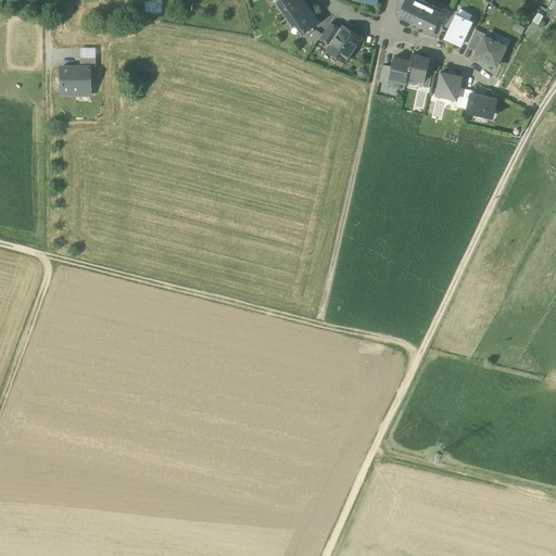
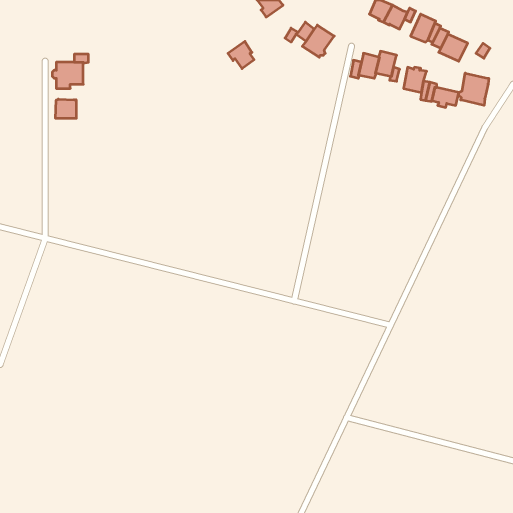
building: [288,5,316,35] -> [228,41,254,69]
building: none -> [459,73,489,105]
building: none -> [56,99,76,118]

